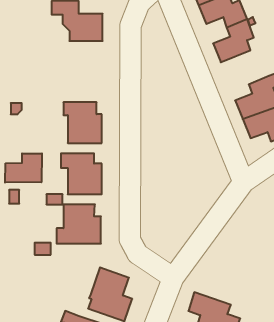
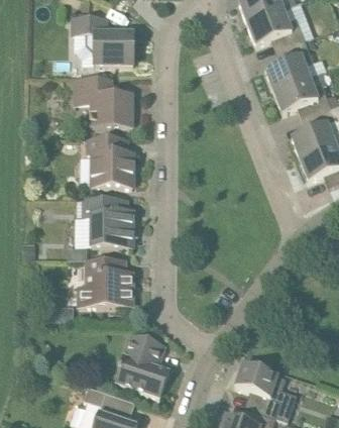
building: none -> [75,75,134,125]
building: none -> [274,75,332,115]
building: [5,153,42,183] -> none

